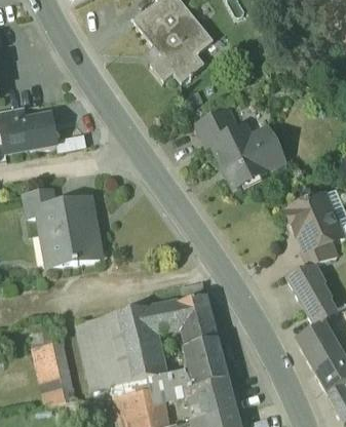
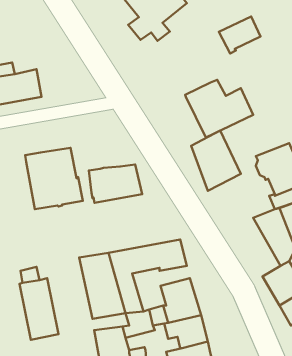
building: [193,105,238,145] -> [219,17,260,53]
building: none -> [191,131,241,191]
building: [23,188,53,215] -> none
building: none -> [89,165,142,203]
building: [75,316,110,388] -> none

